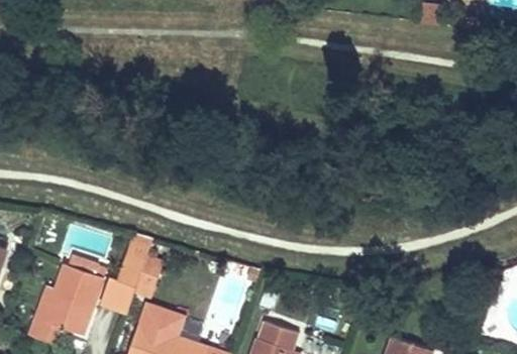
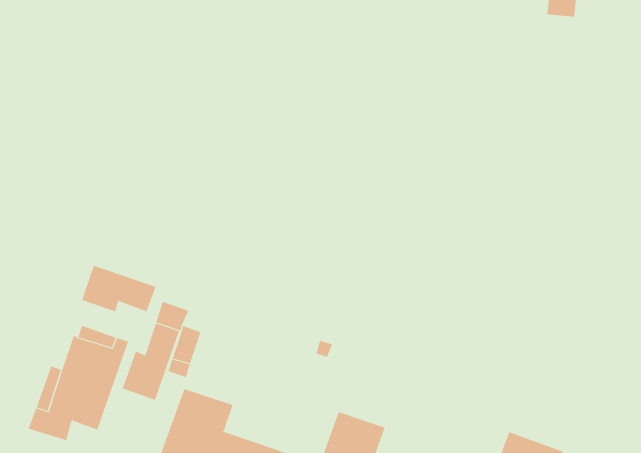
building: none -> [81,265,156,312]

